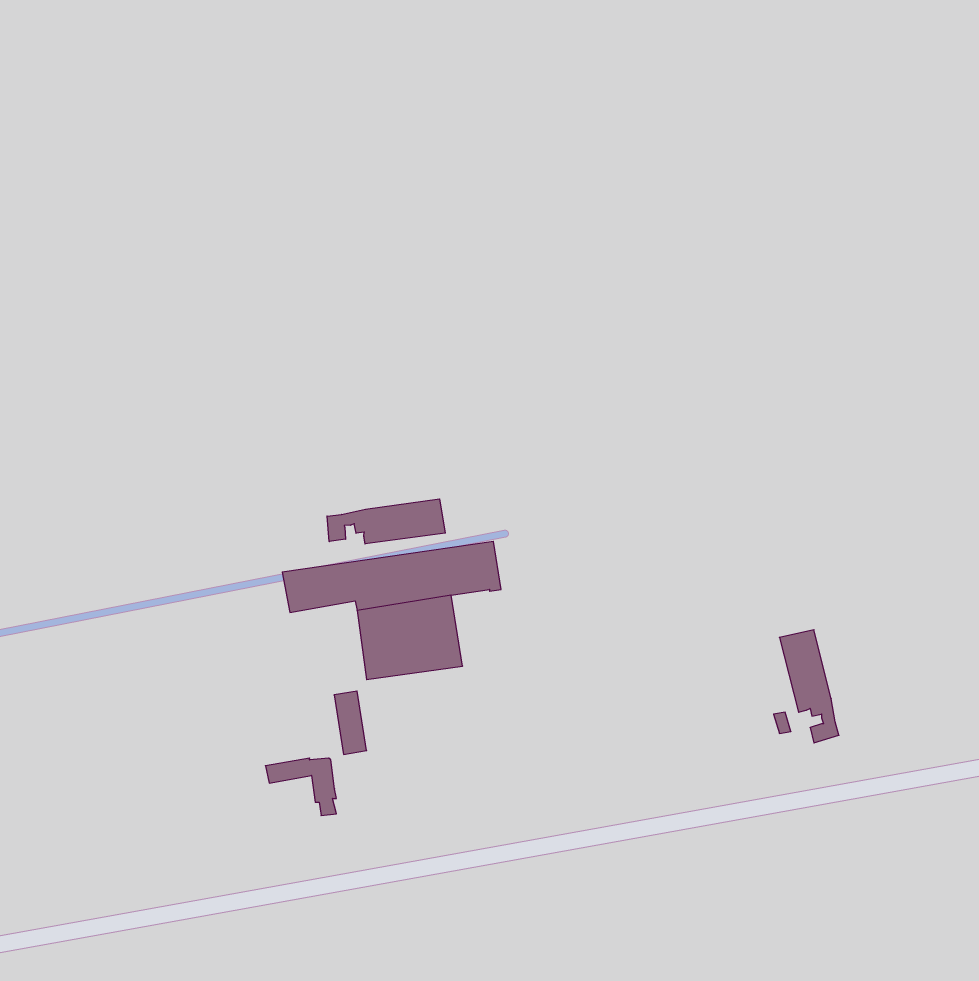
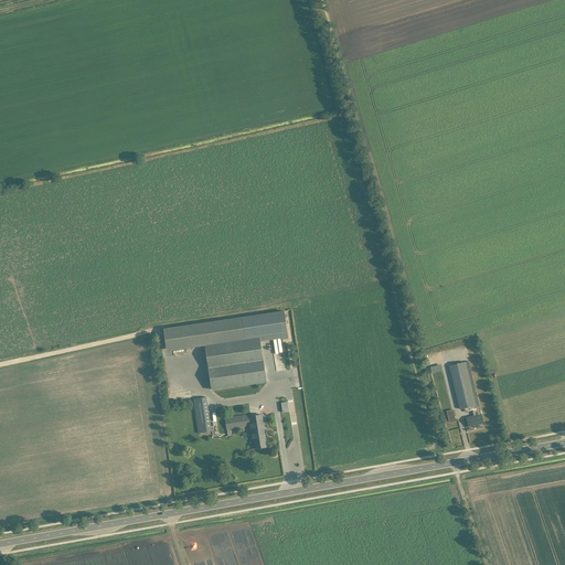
building: [327,499,445,544] -> none
building: [265,758,336,816] -> [224,415,265,448]

